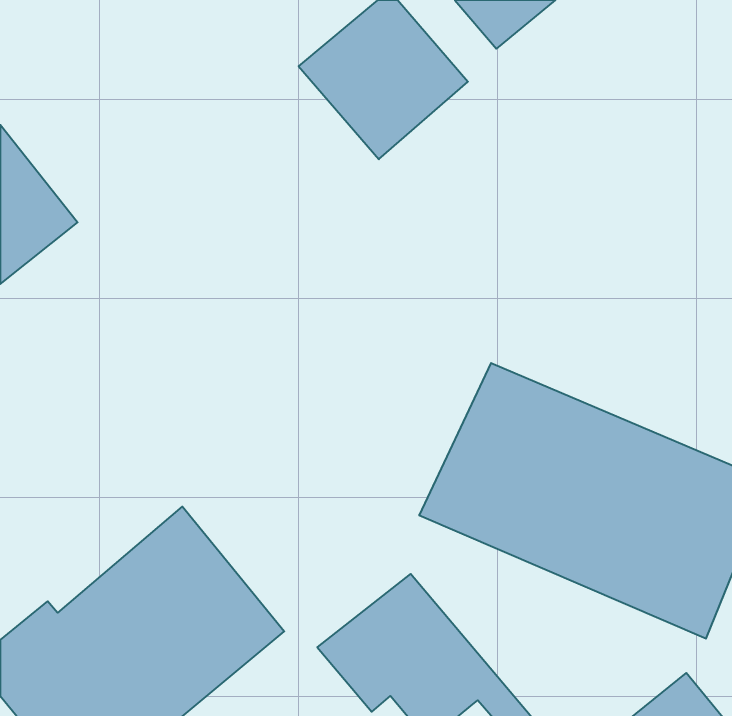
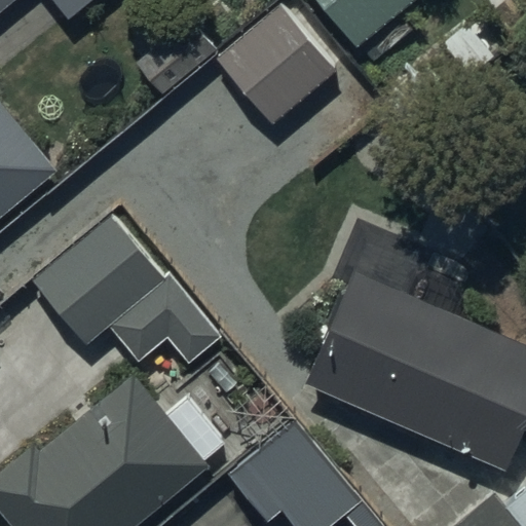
building: none -> [33,215,215,365]

